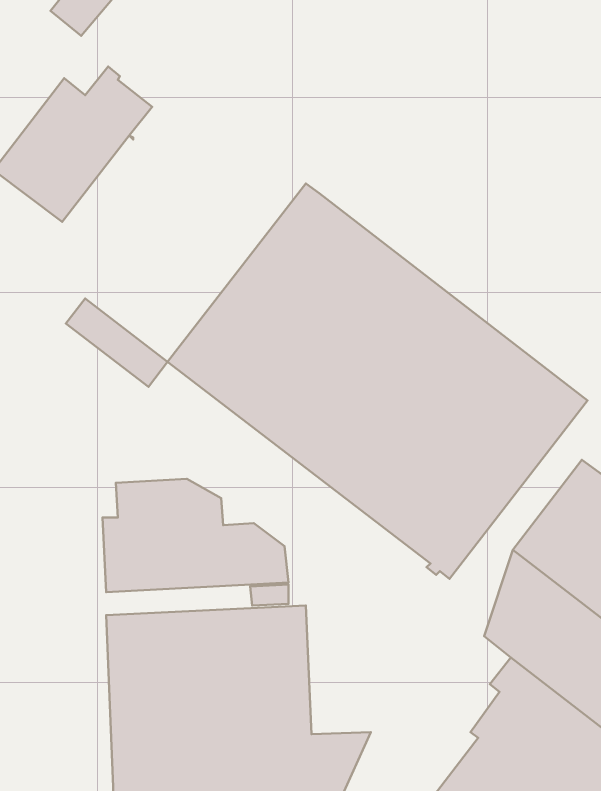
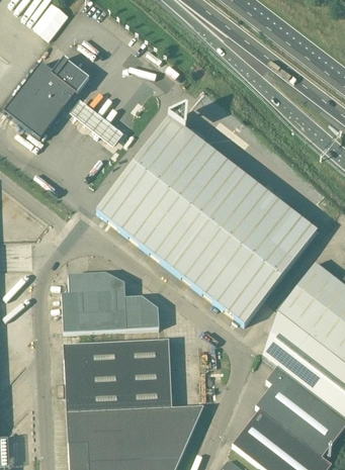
building: [66,299,168,387] -> [70,100,123,147]

